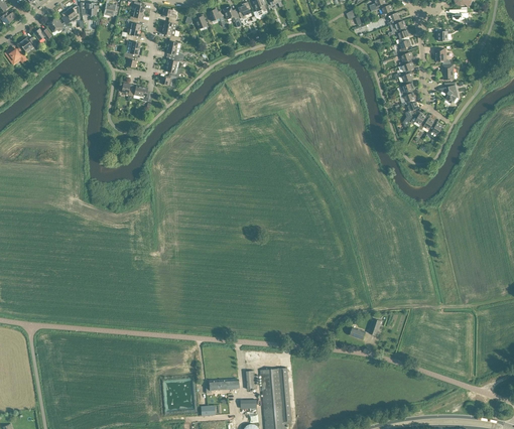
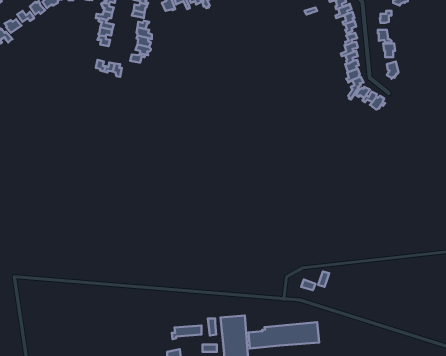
building: none -> [249,322,319,349]

